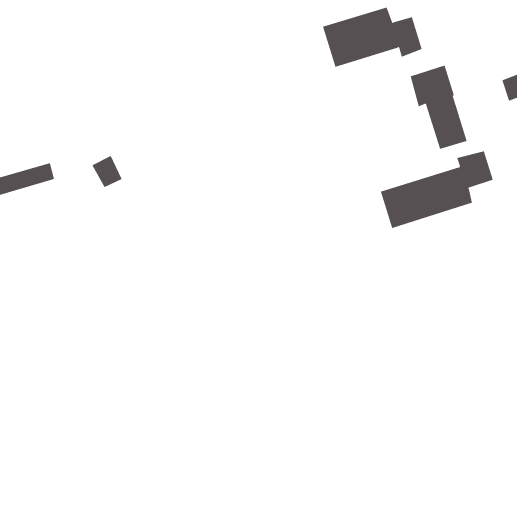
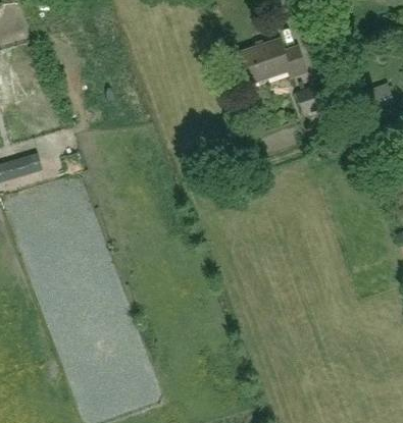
building: [380,151,493,229] -> none

